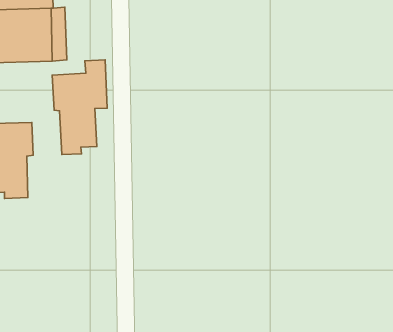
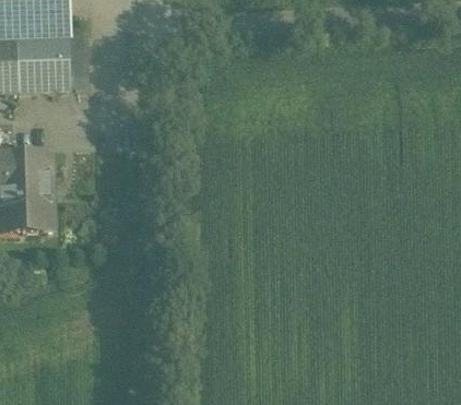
building: [52,60,107,155] -> none

